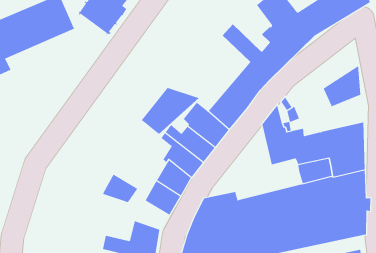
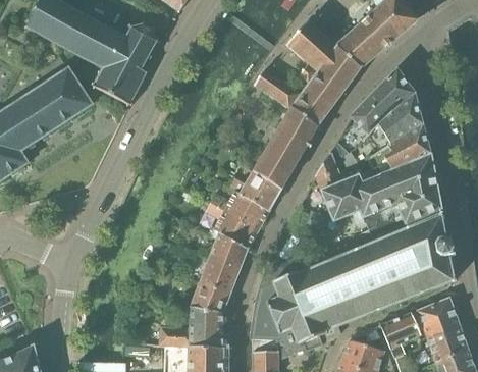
building: none -> [351,69,414,132]
building: [141,87,200,135] -> none
building: none -> [366,125,430,174]
building: [102,174,138,203] -> [192,282,230,312]

